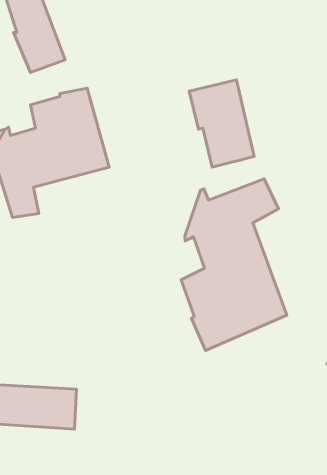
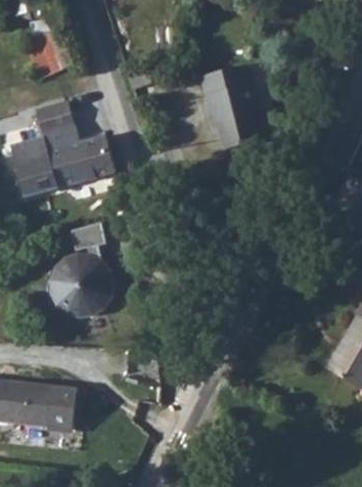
building: [181,179,287,350] -> none
building: none -> [50,222,111,317]

